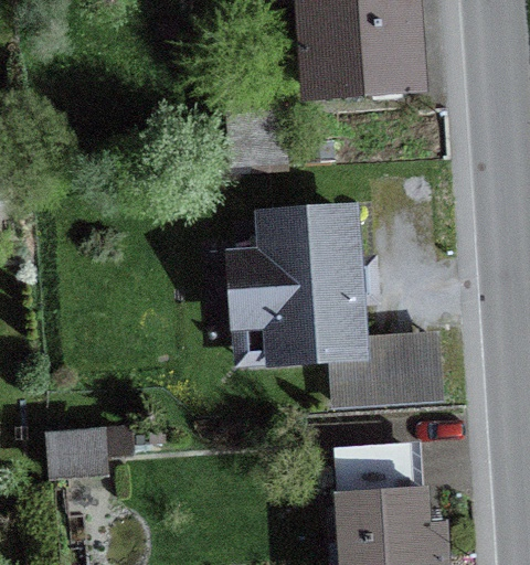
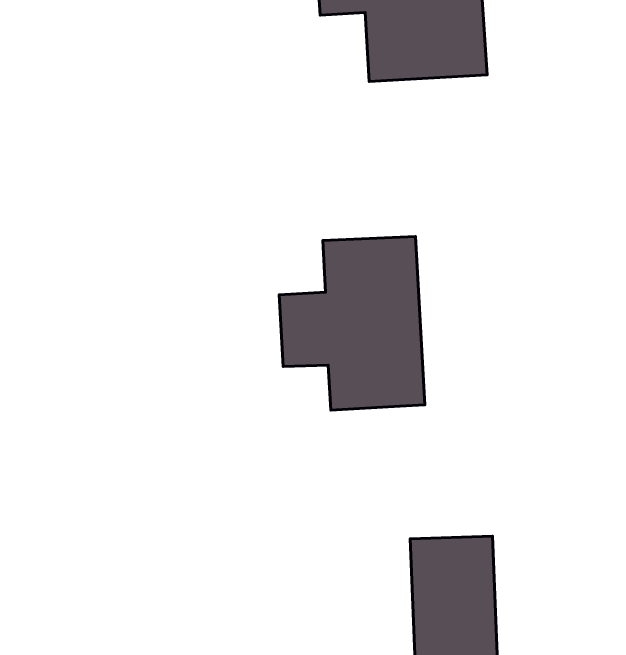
building: [338,341,435,396] -> none
building: [52,429,120,486] -> none

